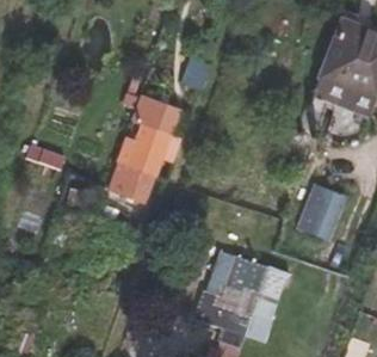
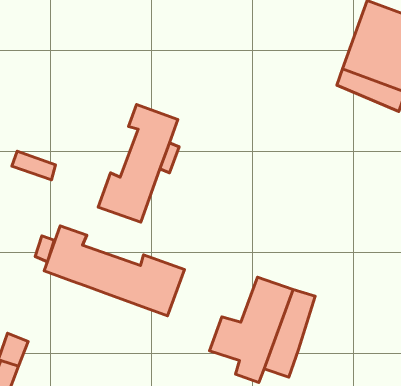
building: [304,181,342,238] -> none
building: none -> [44,226,185,316]

